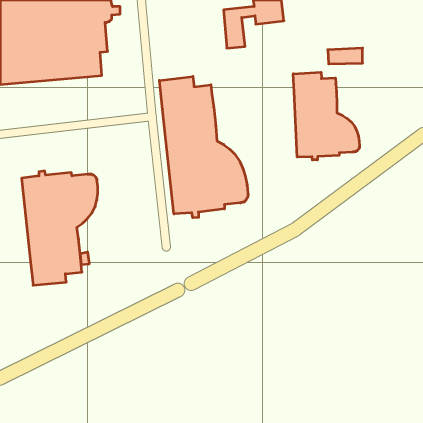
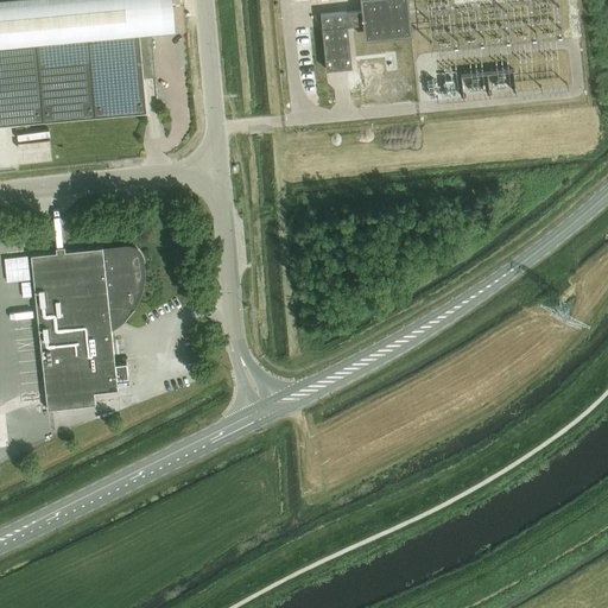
building: [293,72,360,160] -> none
building: [159,76,248,218] -> none

